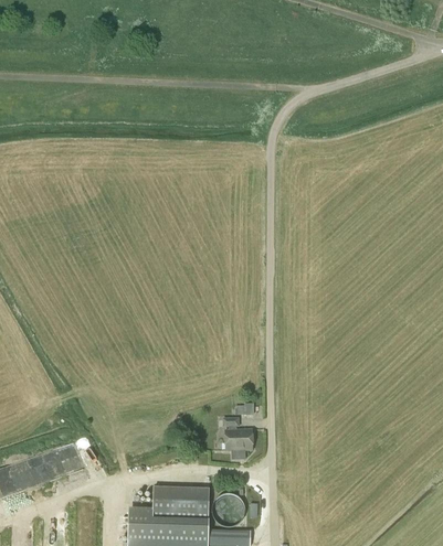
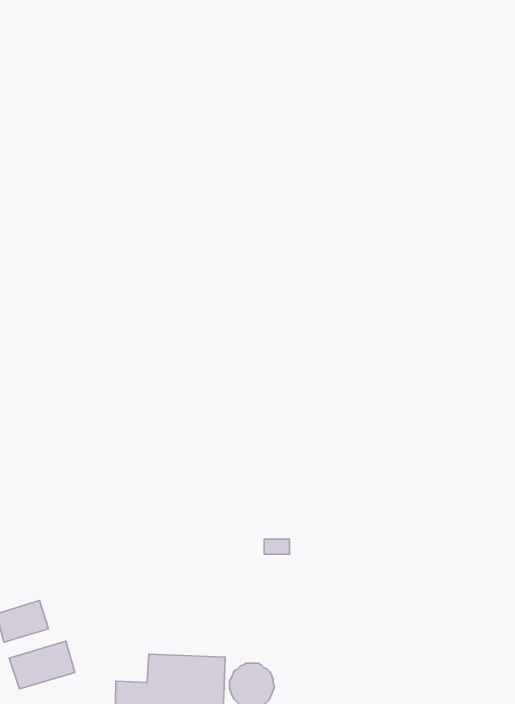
building: [224,419,253,451] -> none
building: none -> [9,641,75,689]

